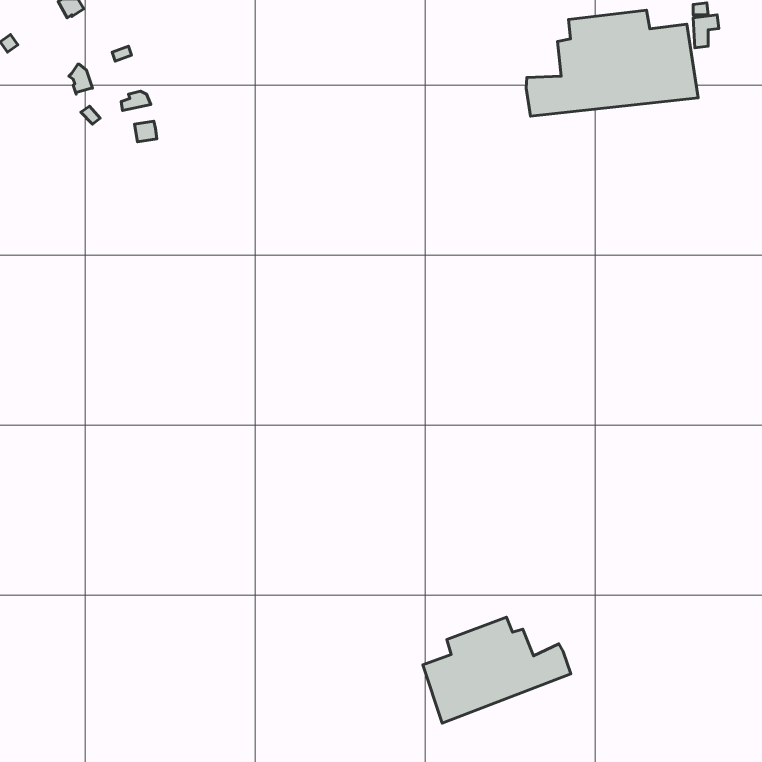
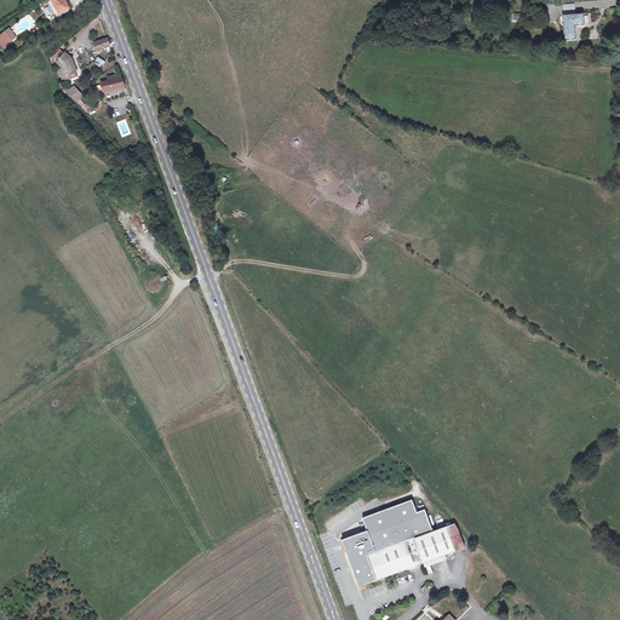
building: [526,10,698,116] -> none

